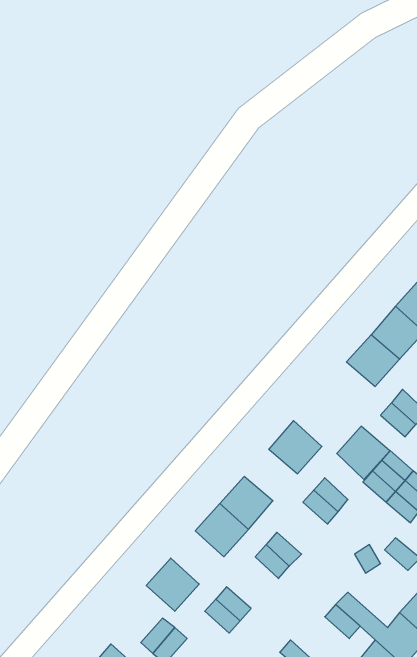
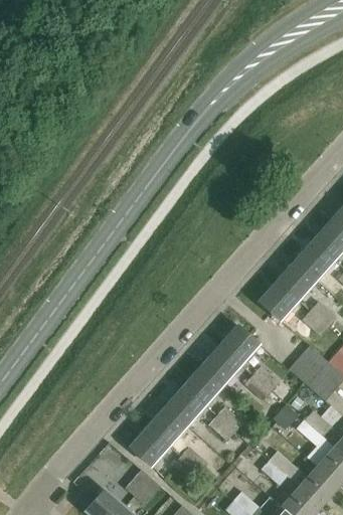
building: [337,426,390,479] -> [260,281,299,320]
building: none -> [202,345,241,383]
building: none -> [148,405,187,445]

